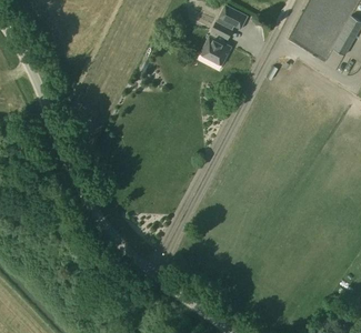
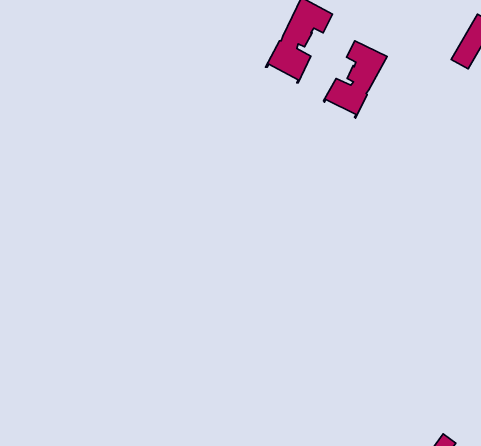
building: none -> [324,41,387,118]

